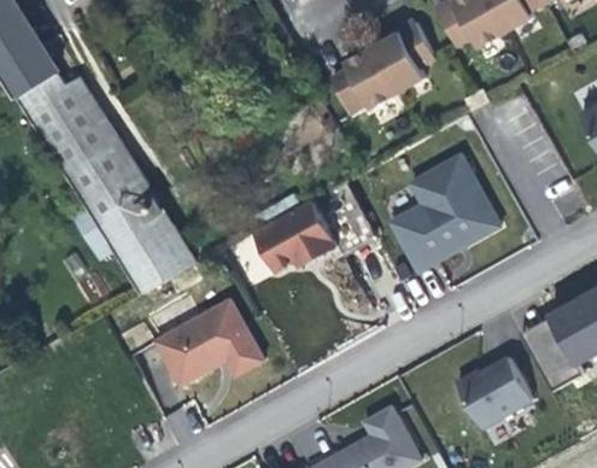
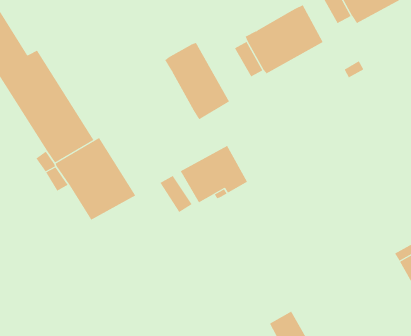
building: none -> [165,42,230,120]
building: [392,154,502,270] -> none
building: [156,298,265,385] -> none
building: [458,356,533,427] -> none

